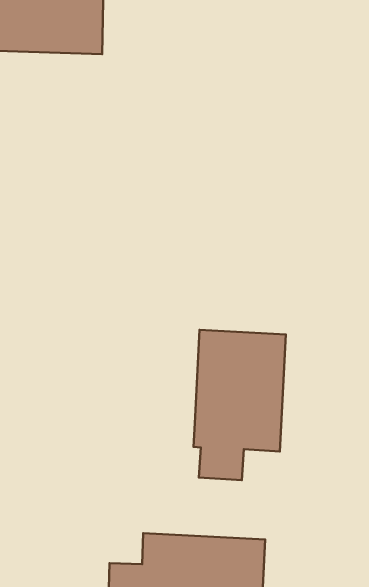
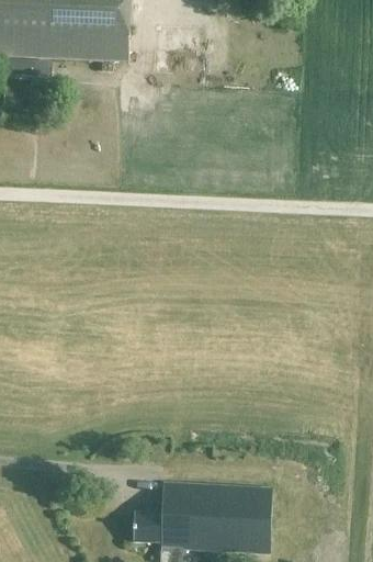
building: [194,330,286,480] -> none

